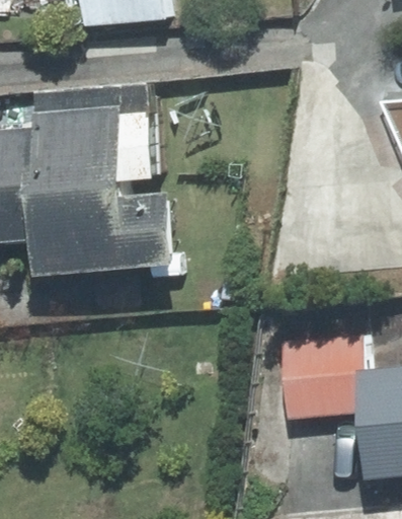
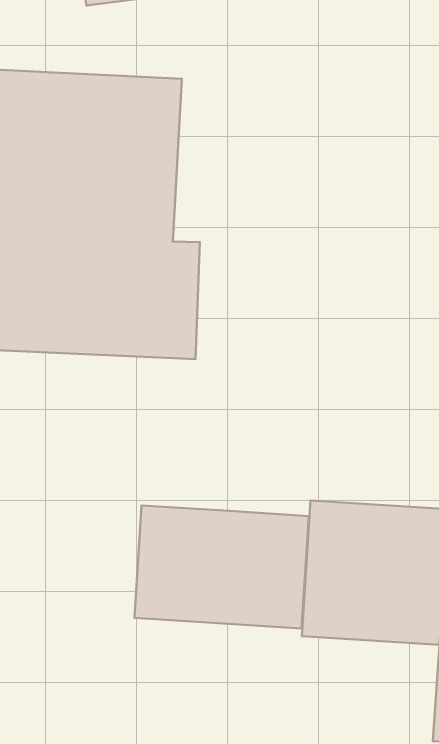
building: none -> [134,505,309,629]

